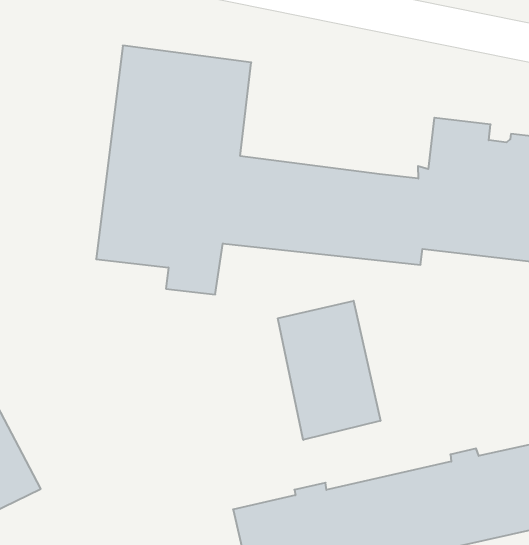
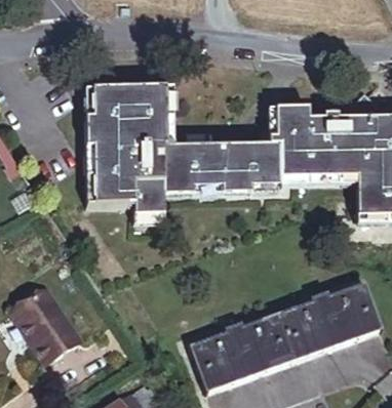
building: [278,301,380,440] -> none

